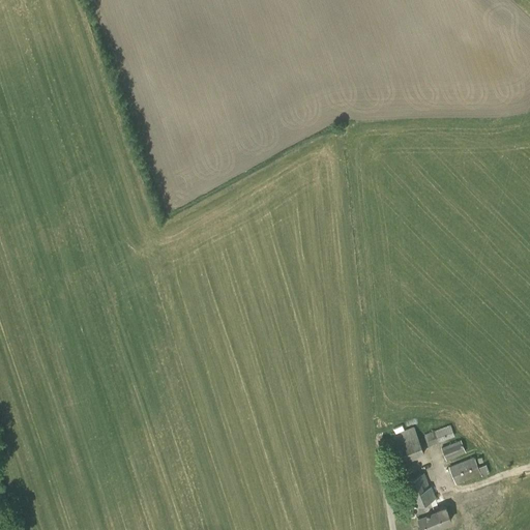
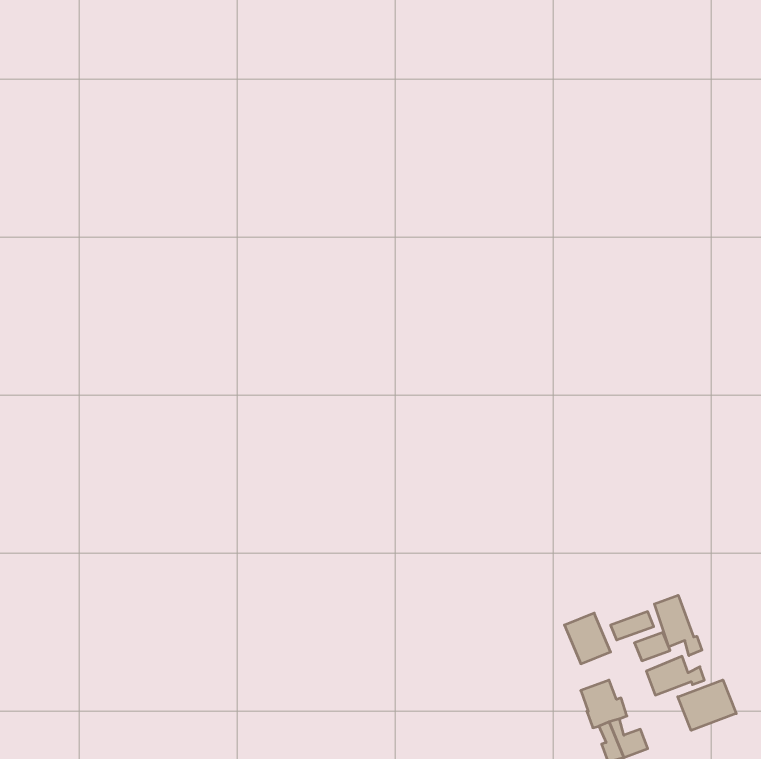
building: none -> [654,595,702,656]
building: none -> [678,680,736,730]

